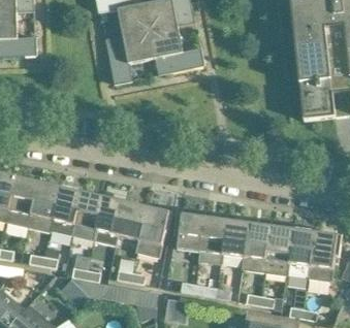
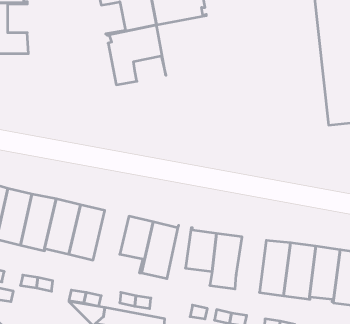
building: [150,22,203,75] -> none
building: [93,196,125,244] -> none
building: [221,220,248,269] -> none

